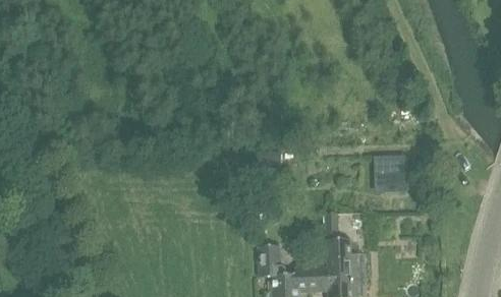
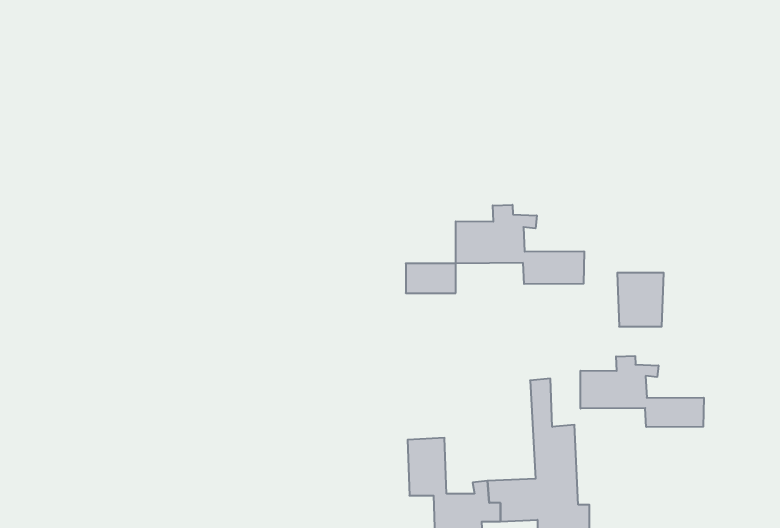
building: none -> [456,205,584,284]
building: none -> [581,356,704,427]

